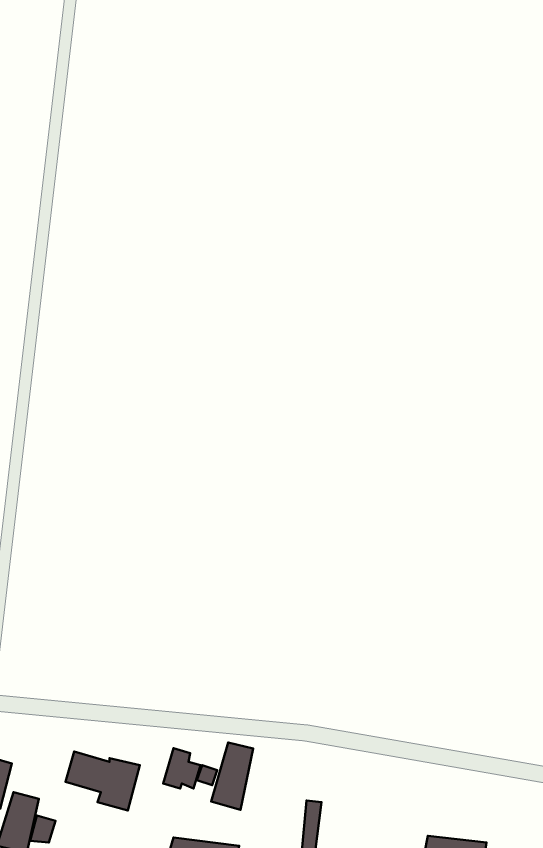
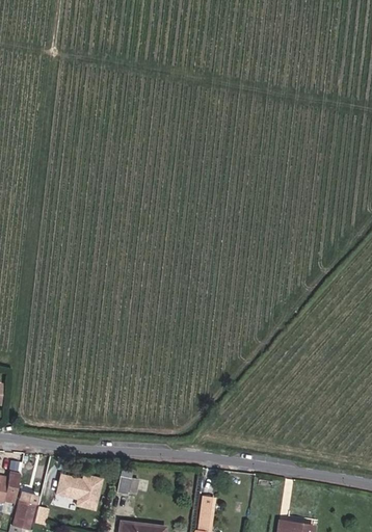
building: [211,743,253,810] -> none

